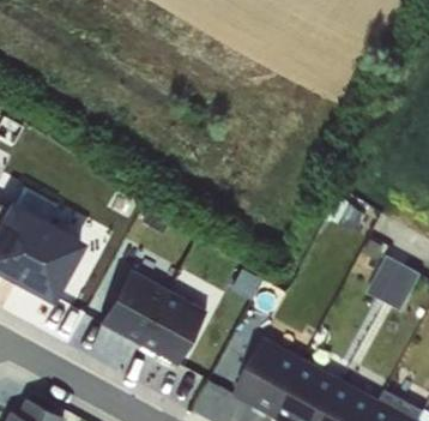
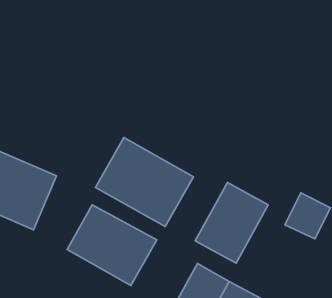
building: none -> [95,138,193,227]
building: none -> [195,183,268,263]

